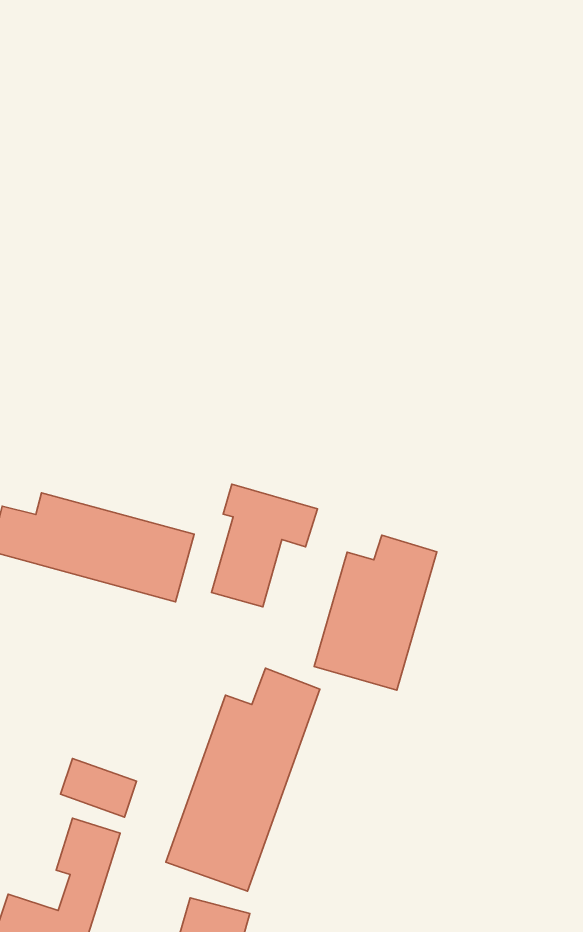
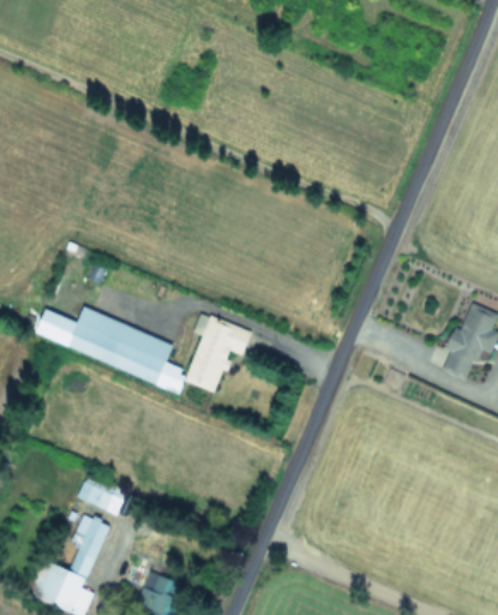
building: [314,535,437,690] -> none
building: [166,668,320,891] -> none

